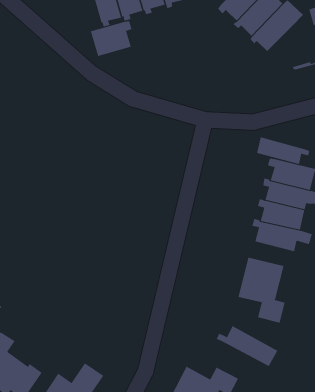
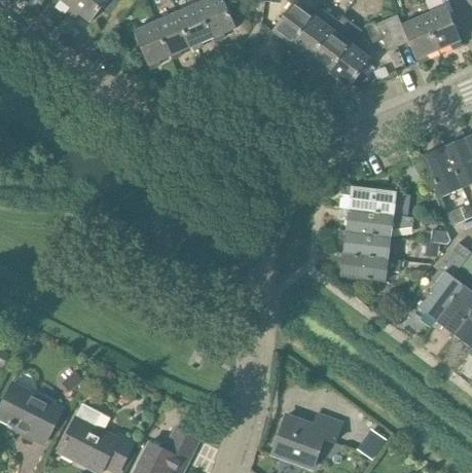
building: [90,21,132,57] -> none
building: none -> [326,42,371,87]
building: [256,137,310,165] -> none
building: [238,257,285,324] -> none
building: [216,325,278,367] -> none

